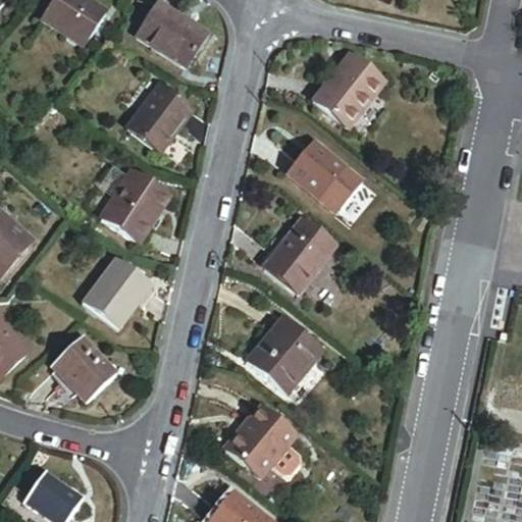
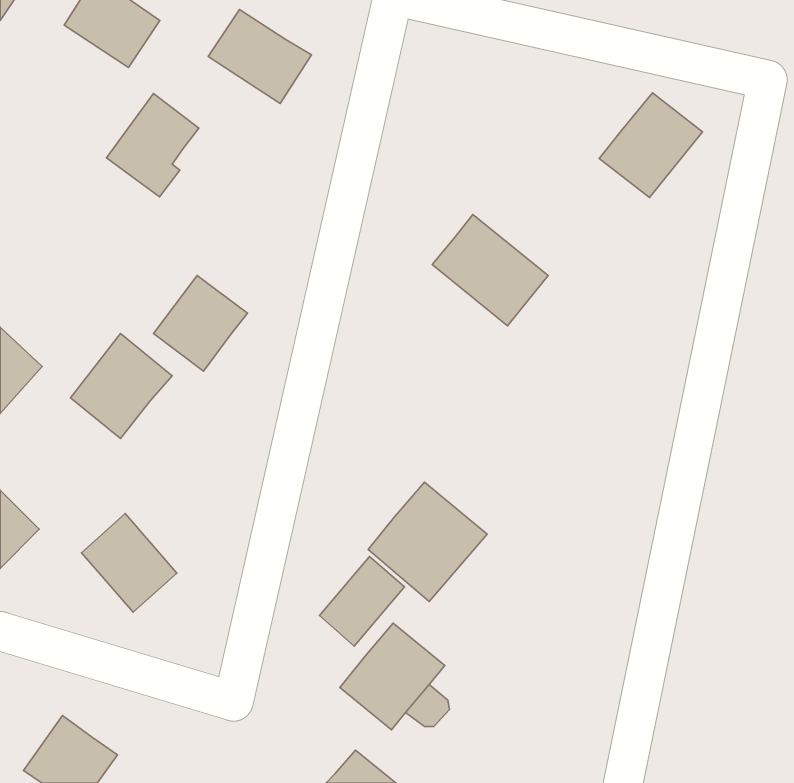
building: [314,56,381,124] -> [599,93,703,198]
building: [127,85,188,152] -> [106,94,199,197]
building: [263,220,333,293] -> none
building: [86,260,152,328] -> [70,334,172,438]
building: none -> [319,556,404,646]

